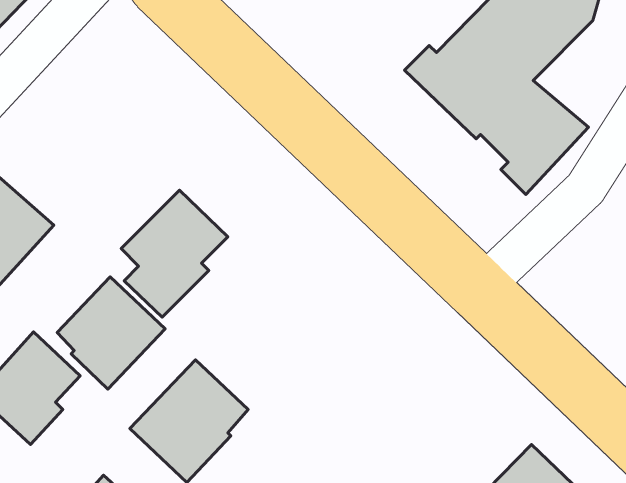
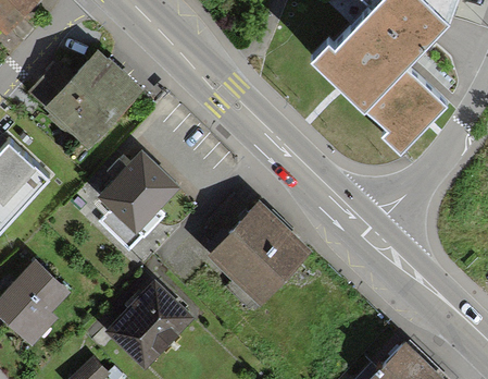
building: none -> [28,48,143,151]
building: none -> [209,201,309,301]
building: [57,277,165,389] -> none

